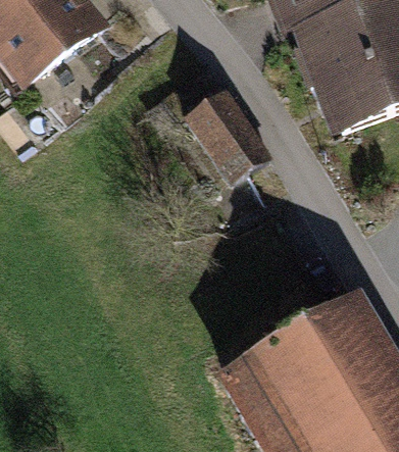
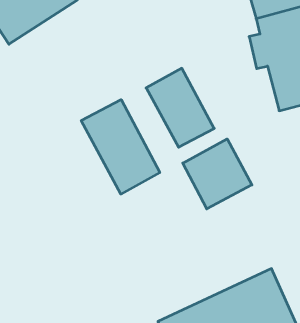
building: none -> [81,100,160,194]
building: none -> [183,139,252,209]

